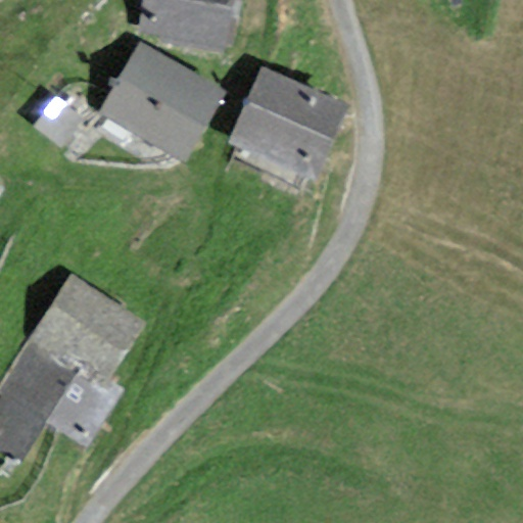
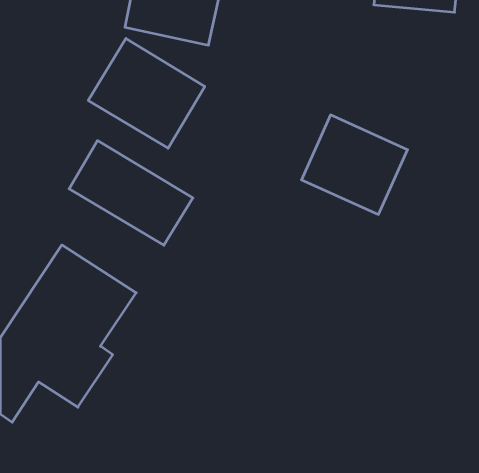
building: [232,68,347,177] -> [301,115,408,214]
building: none -> [69,141,193,245]

